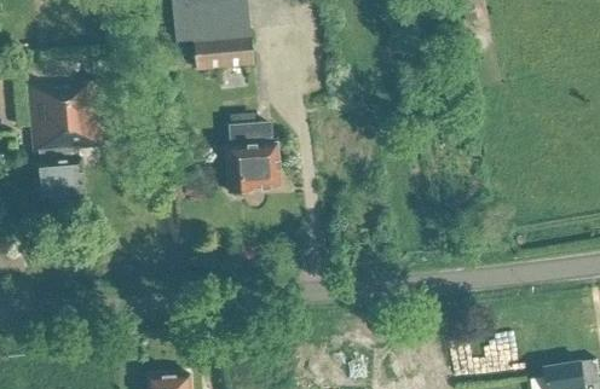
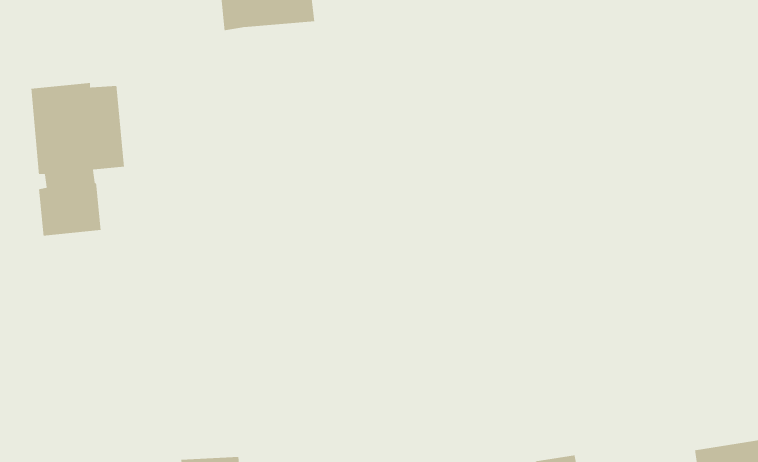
building: [194,33,253,70] -> none
building: [225,114,278,196] -> none

